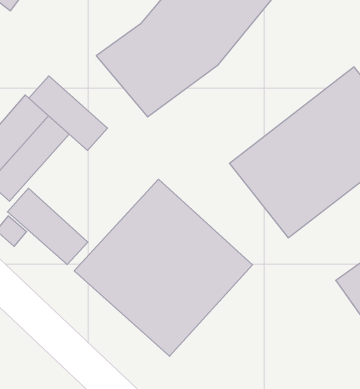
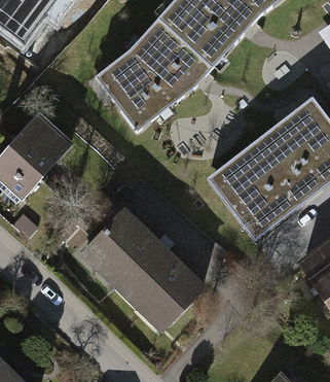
building: [29,76,108,150] -> none
building: [7,188,88,265] -> none

